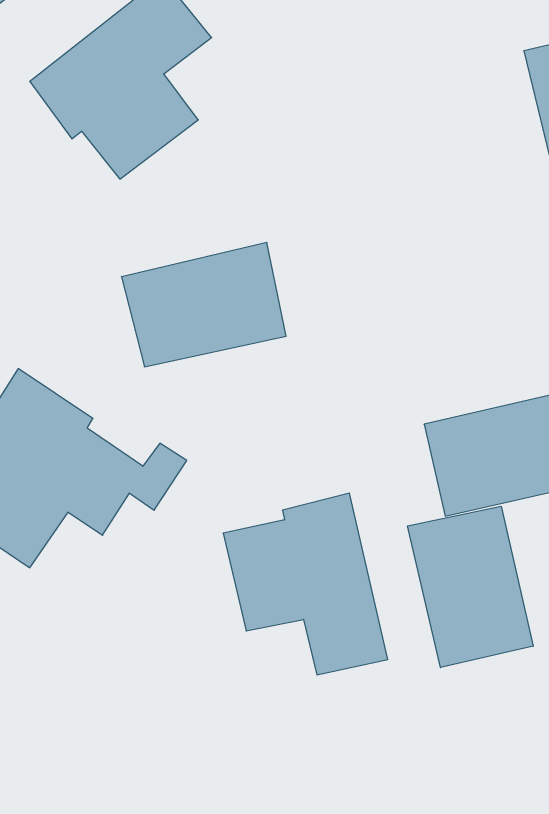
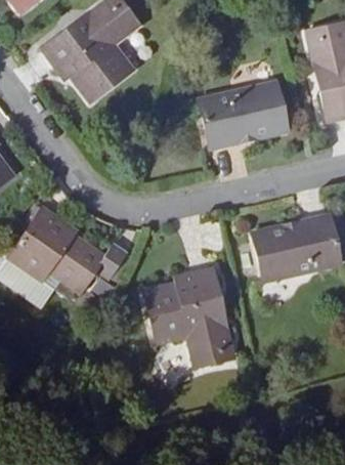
building: [121,242,286,367] -> [199,82,287,149]
building: [408,506,533,668] -> none

